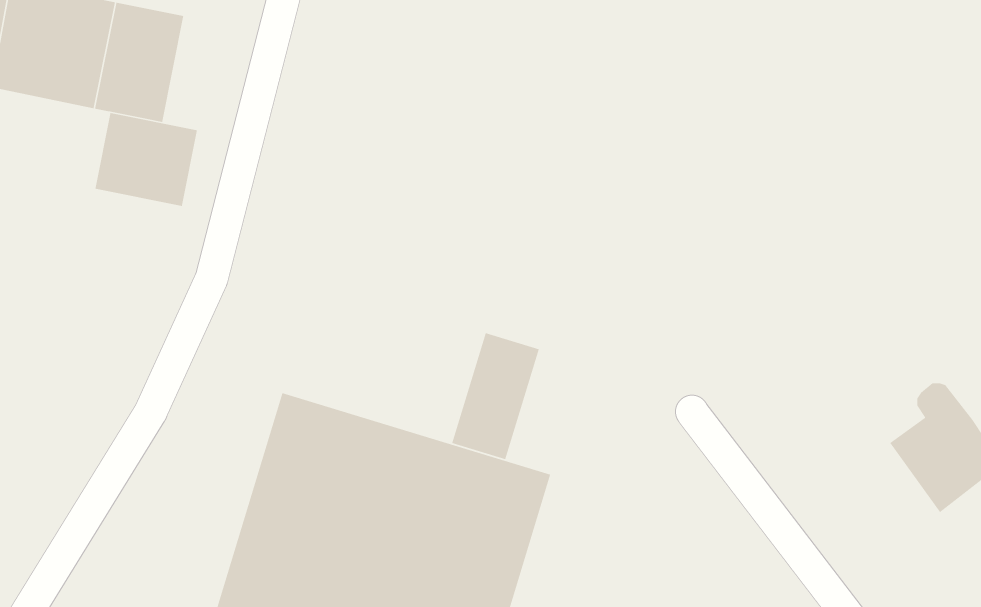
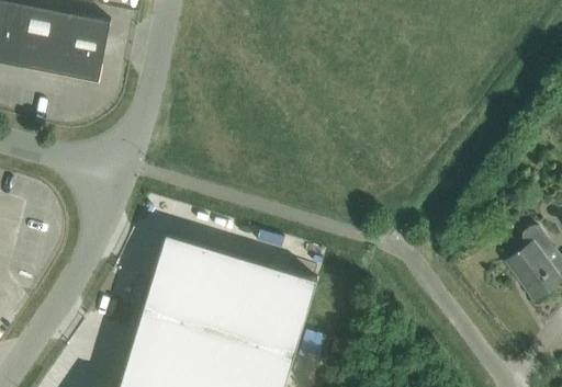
building: [95,112,198,207] -> none
building: [451,332,540,460] -> none

